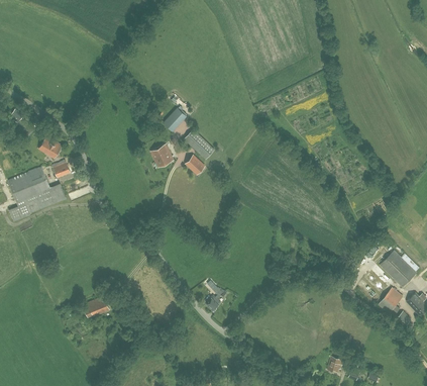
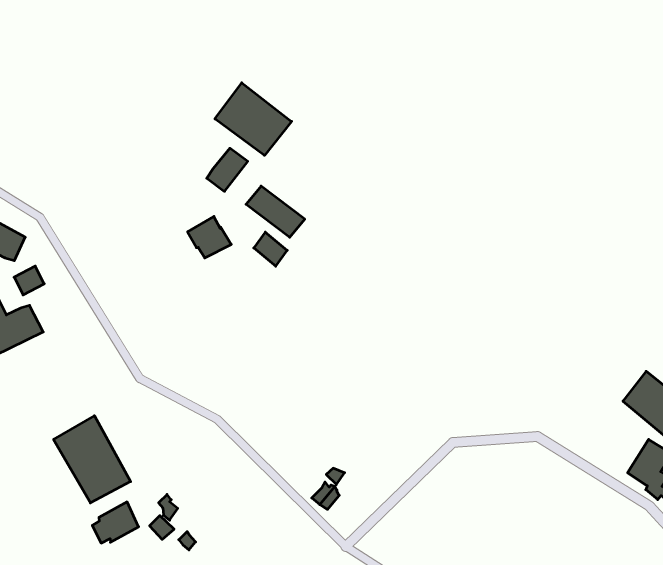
building: none -> [215,83,292,155]
building: none -> [54,416,131,503]

